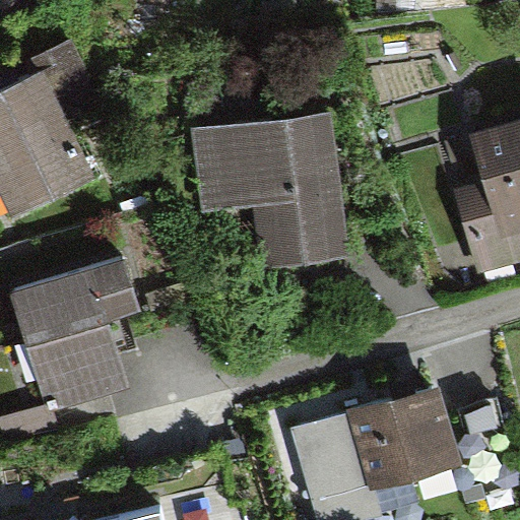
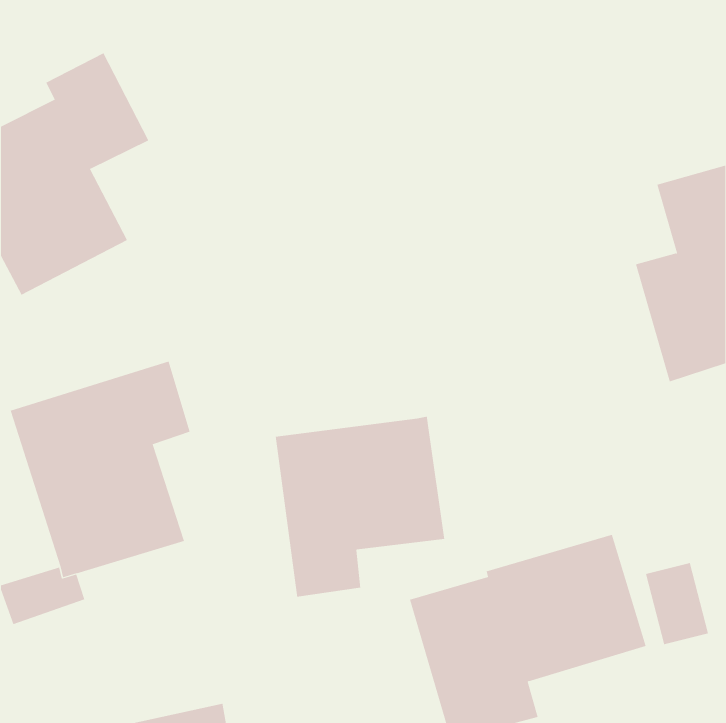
building: [193,114,349,268] -> none
building: none -> [275,416,445,598]

